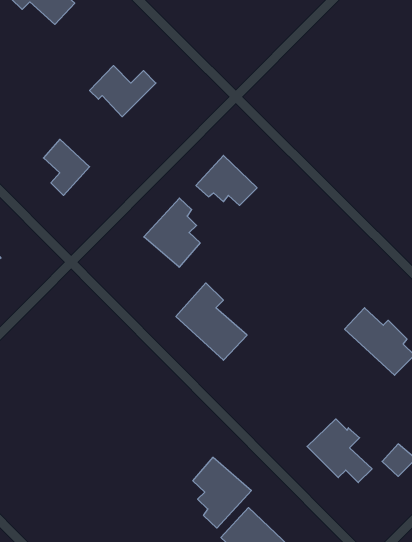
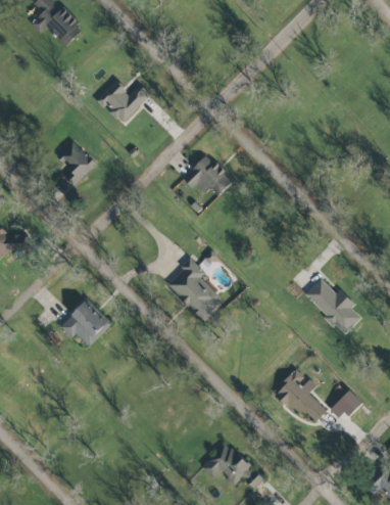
building: [144,198,200,267] -> none
building: none -> [59,299,111,346]
building: [193,457,251,528] -> none

